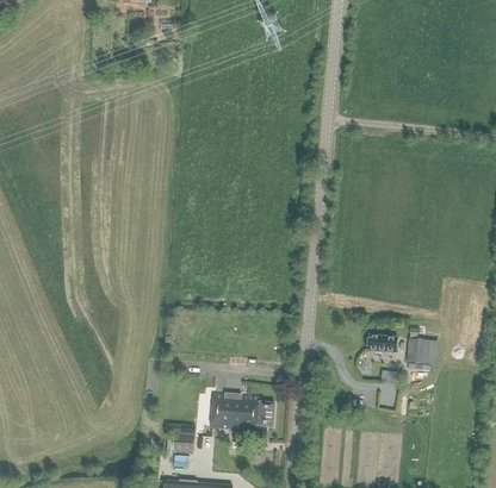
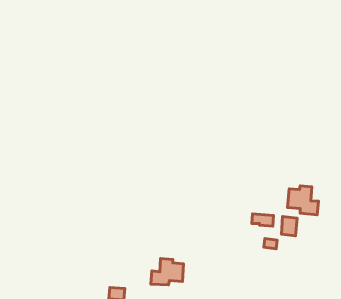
building: none -> [287,186,318,215]
building: [211,393,242,430] -> none

